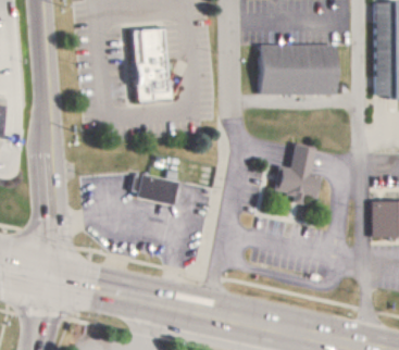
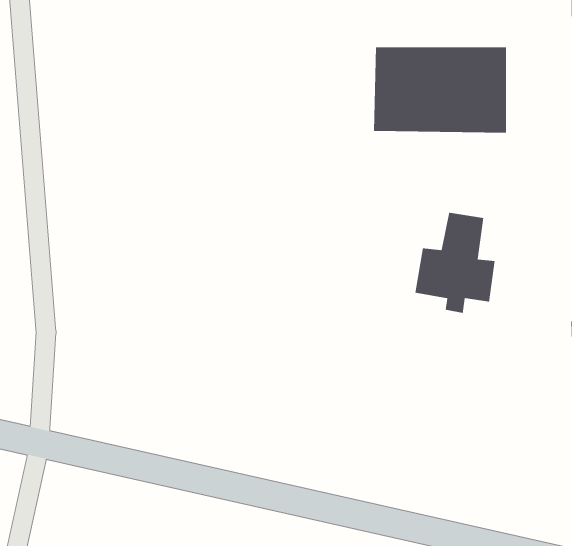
building: [135,26,177,98] -> none
building: [140,173,179,201] -> none

